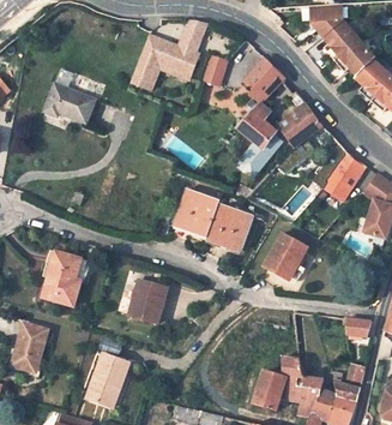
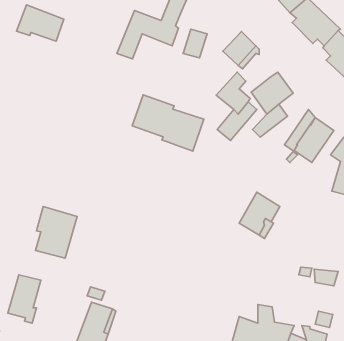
building: [42,83,94,122] -> [17,5,64,41]
building: [174,188,252,250] -> [132,95,204,151]
building: [128,280,167,322] -> none

